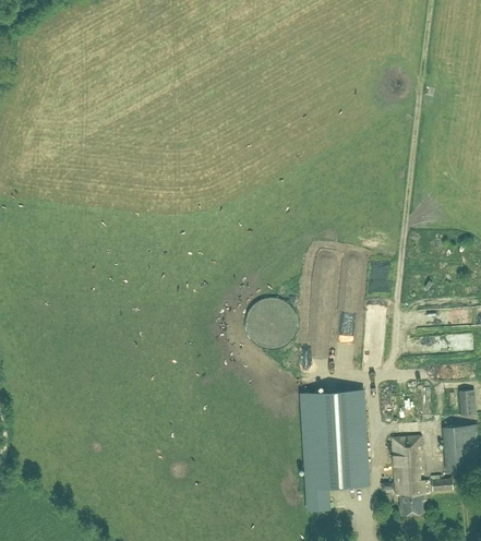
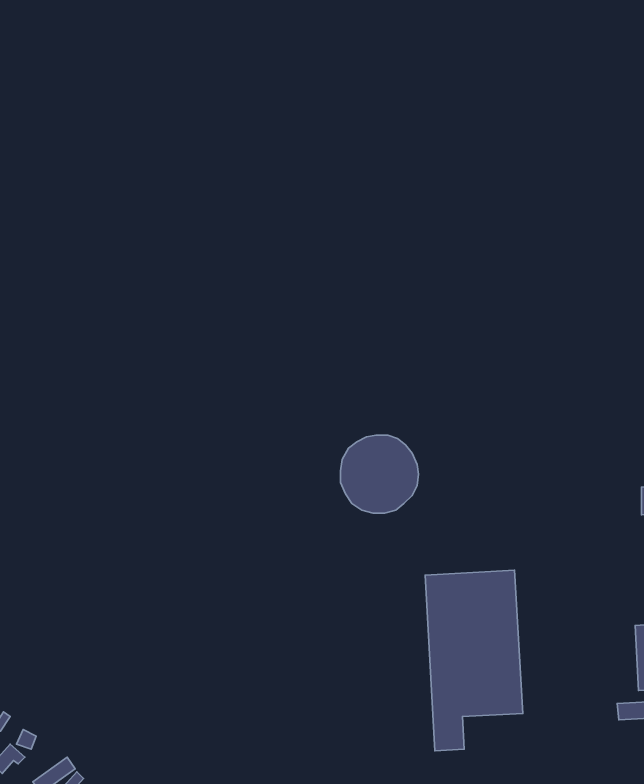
building: [392,435,425,514] -> none

